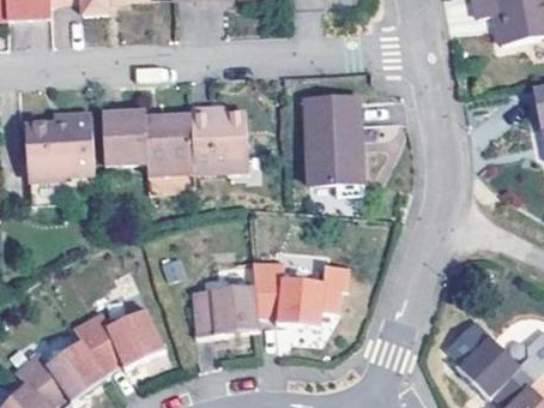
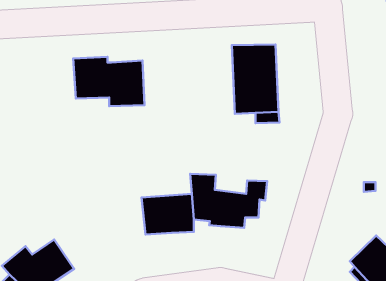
building: [191,107,250,172] -> none
building: [26,113,96,204] -> none
building: [69,306,163,371] -> none

